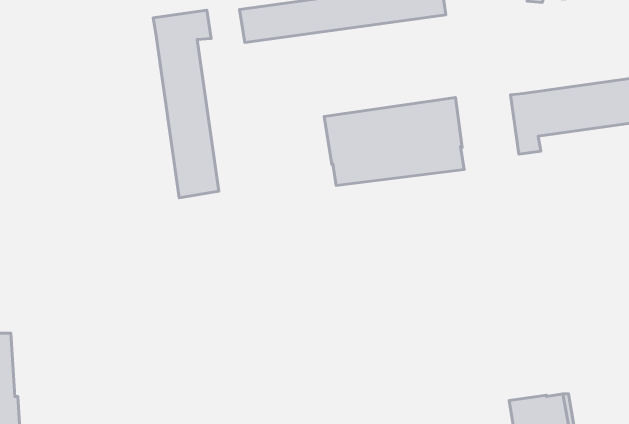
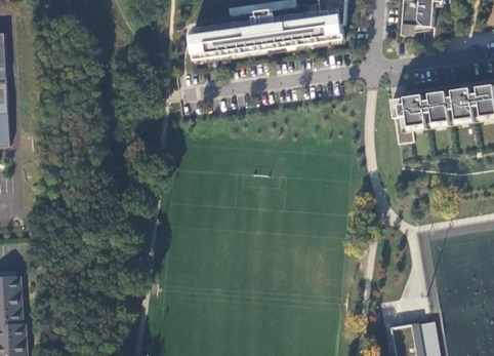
building: [153,10,219,198] -> none
building: [324,97,464,185] -> none

